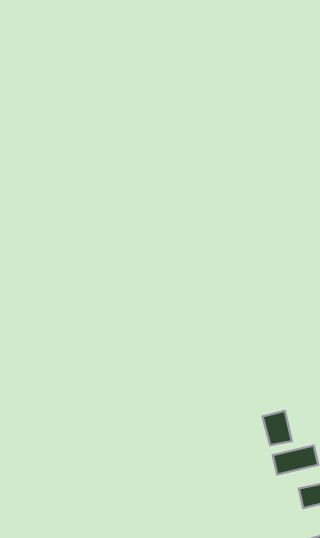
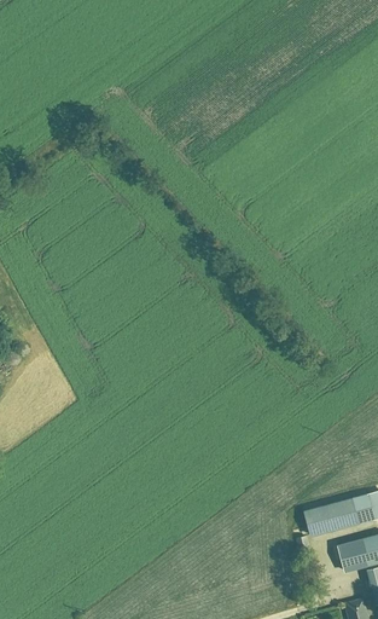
building: [263,411,292,445] -> none

